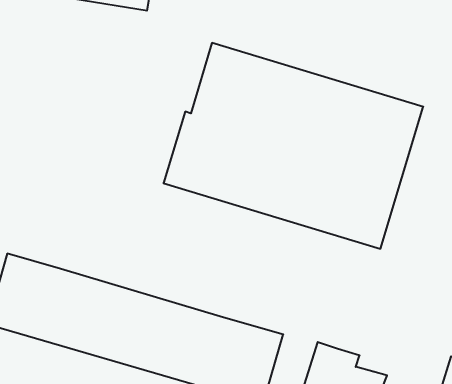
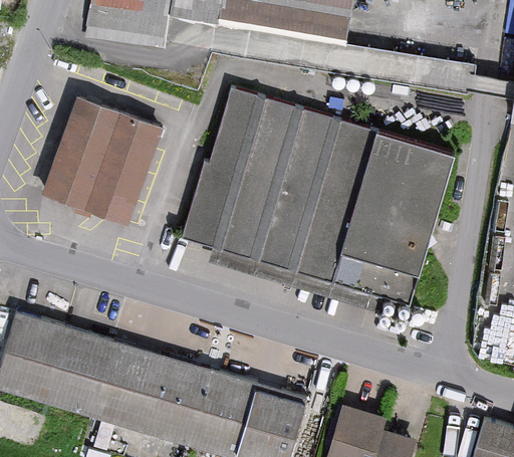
building: none -> [41,96,163,226]

